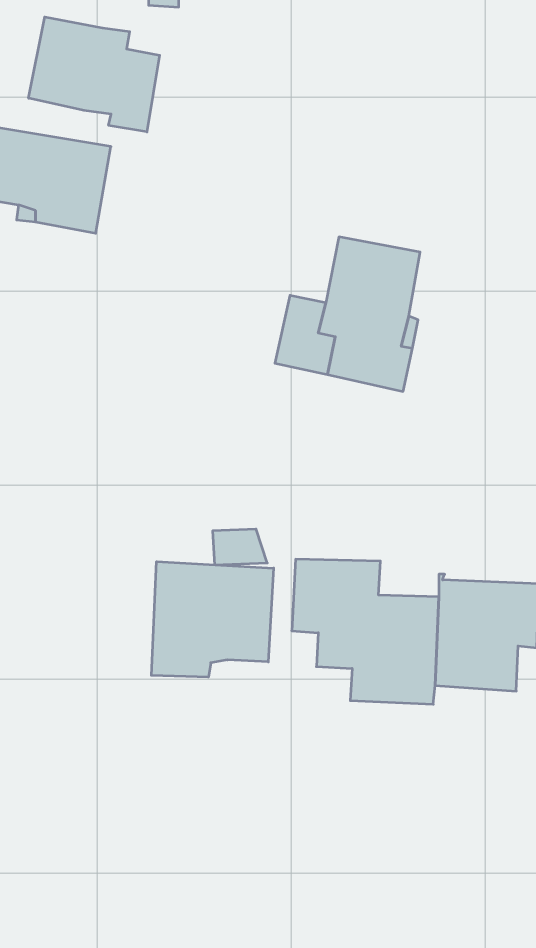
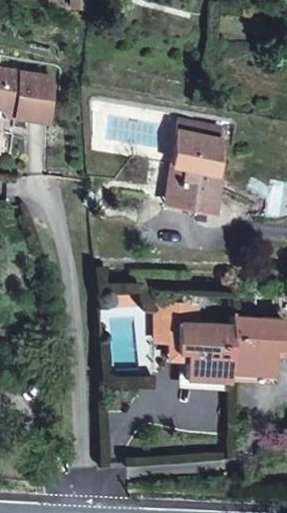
building: [29,17,160,132] -> none
building: [151,562,274,677] -> none

